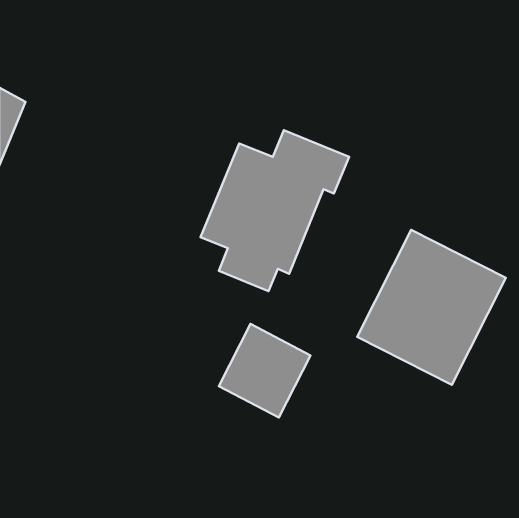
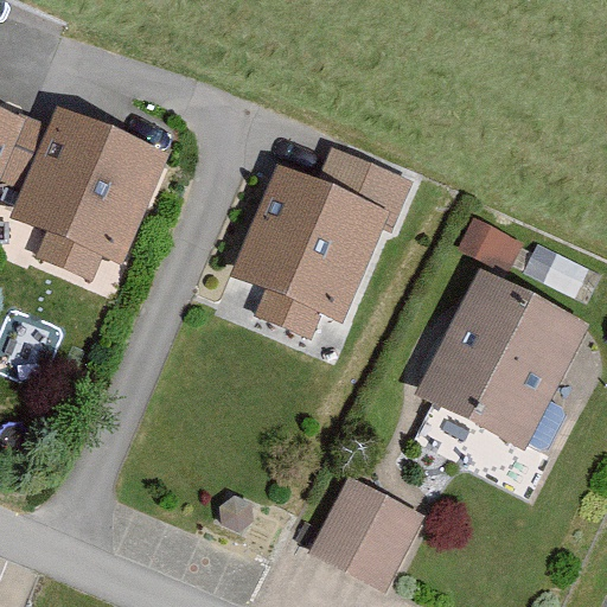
building: none -> [13,107,170,274]
building: [219,324,310,418] -> [312,477,418,586]

